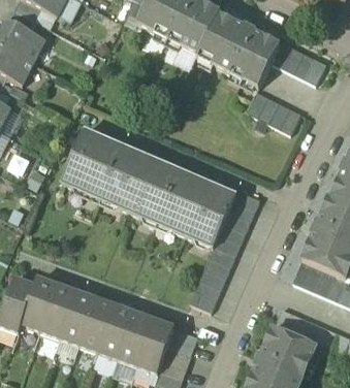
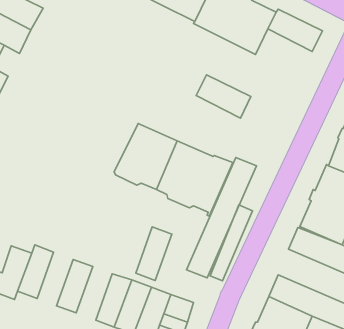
building: [246,91,300,134] -> [196,75,251,118]
building: [60,129,141,204] -> none
building: [39,285,75,338] -> none
building: [78,299,115,353] -> [136,227,172,280]

